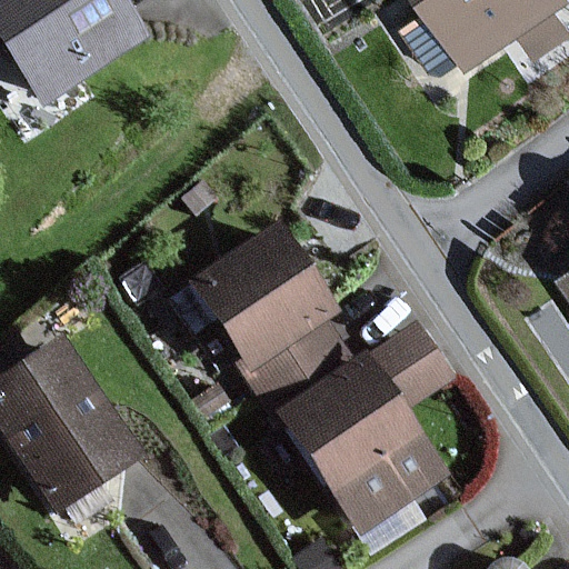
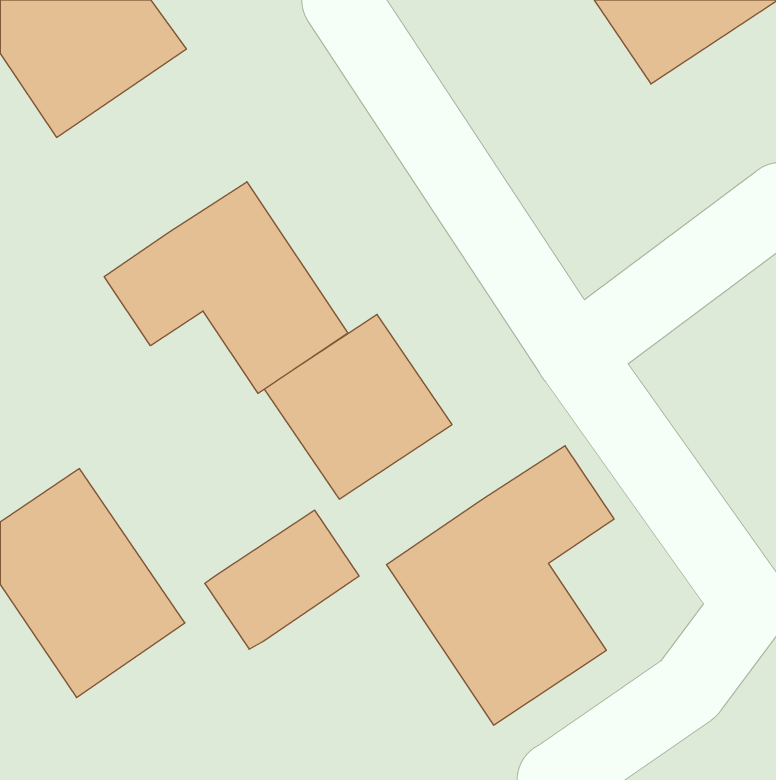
building: none -> [104,182,348,393]
building: [242,316,355,417] -> [205,510,359,649]

